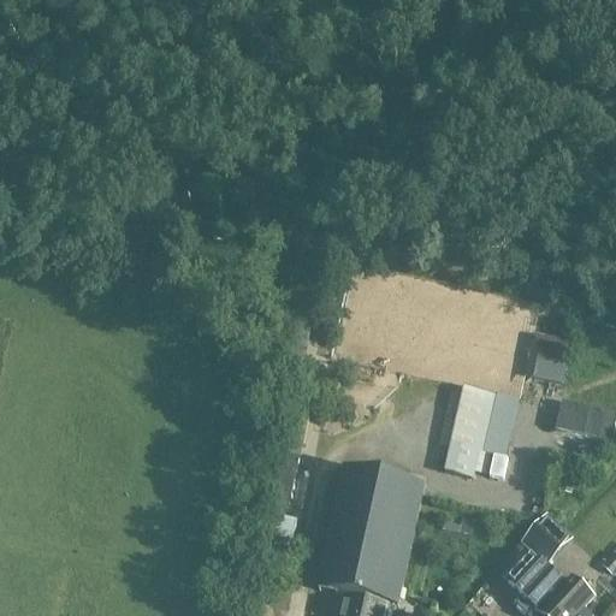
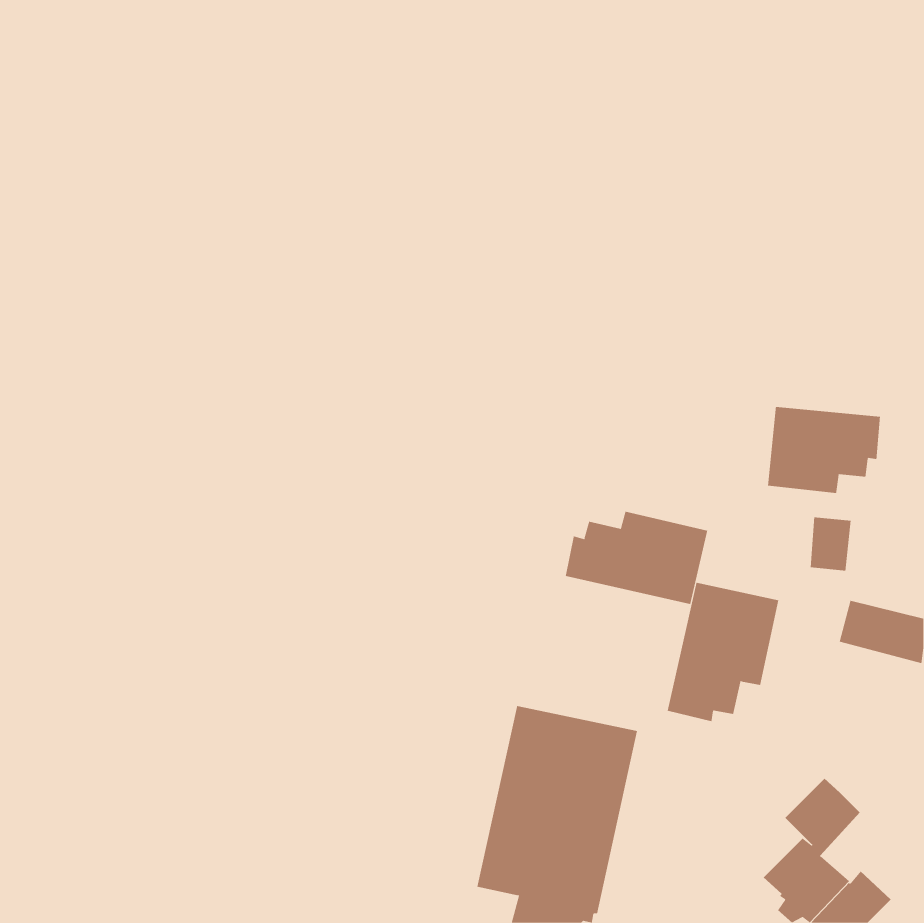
building: none -> [767,406,881,494]
building: none -> [565,511,708,605]

